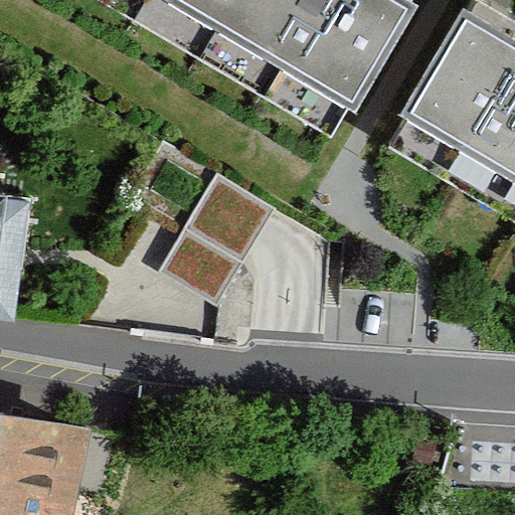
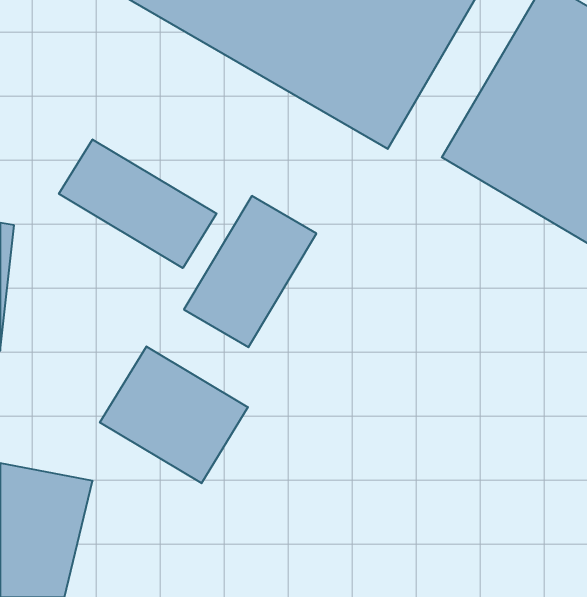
building: none -> [59,139,217,268]
building: none -> [100,346,248,483]

